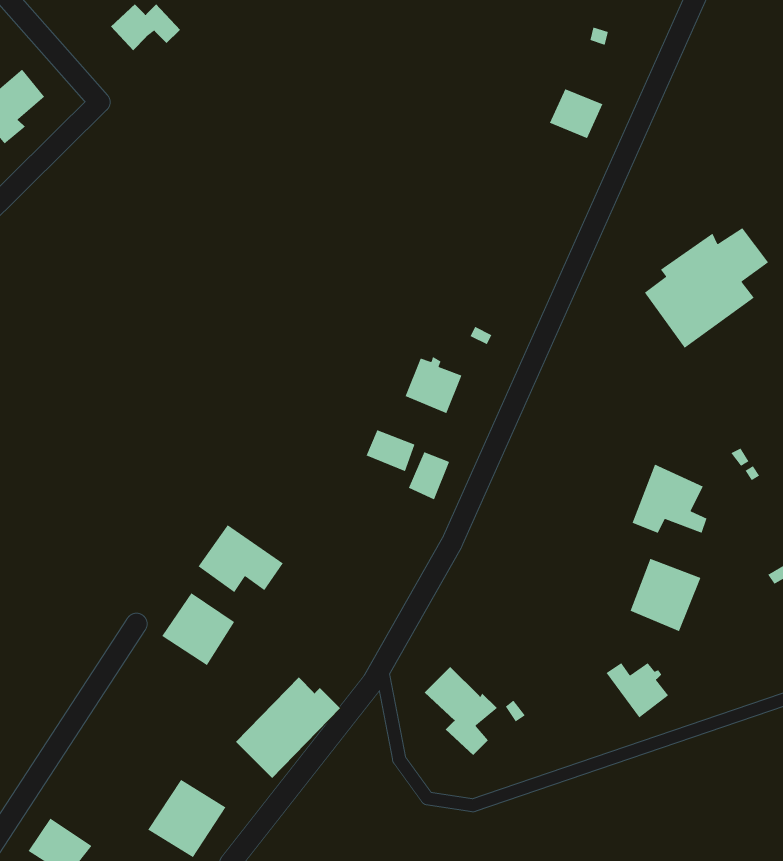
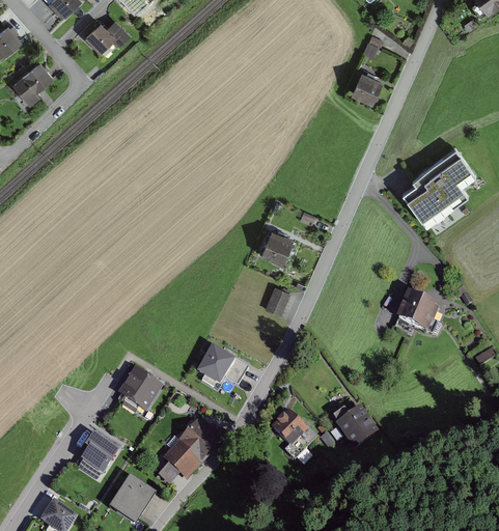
building: [366,429,415,472] -> none
building: [198,524,284,593] -> [198,345,249,386]
building: [629,558,701,632] -> none
building: [606,662,669,718] -> [335,411,372,444]
building: none -> [81,436,118,475]

